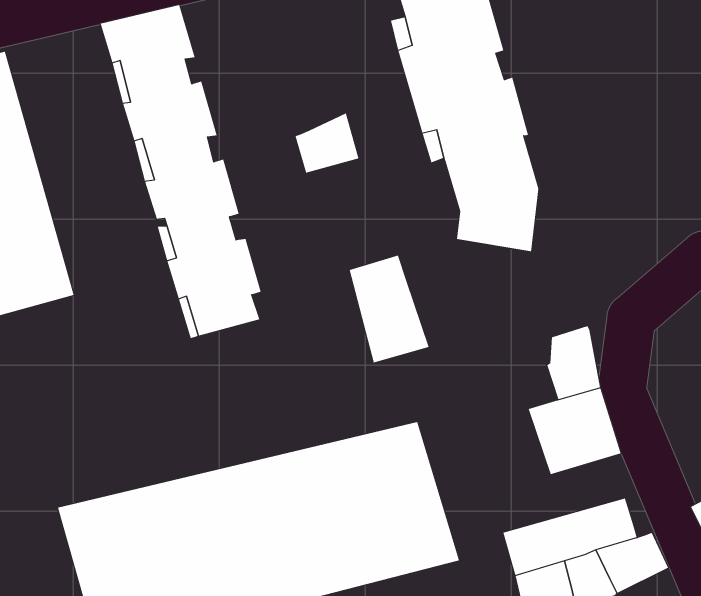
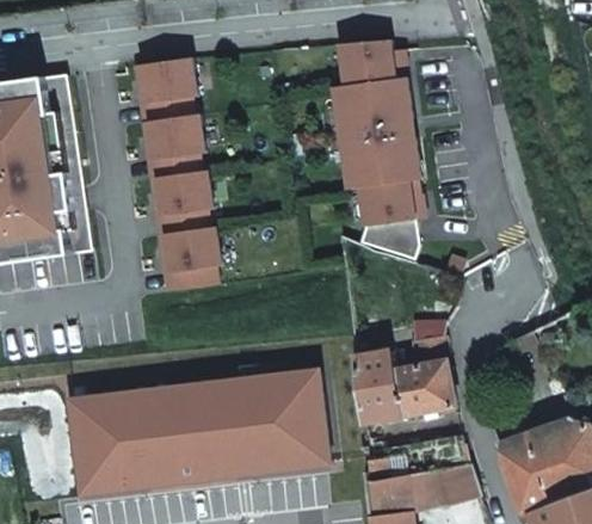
building: [295,112,359,173] -> none
building: [349,255,429,363] -> [356,351,405,424]

